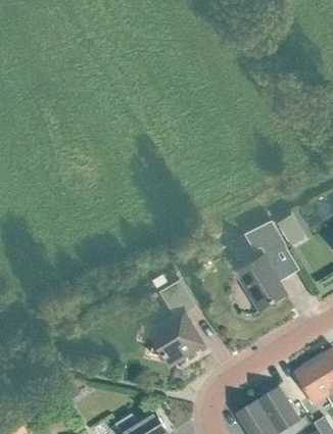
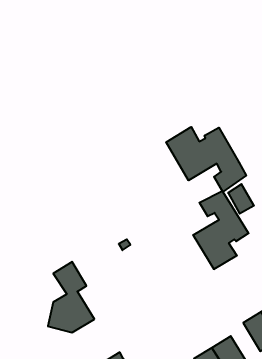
building: none -> [166,127,246,192]
building: [151,280,204,360] -> [48,262,94,332]

